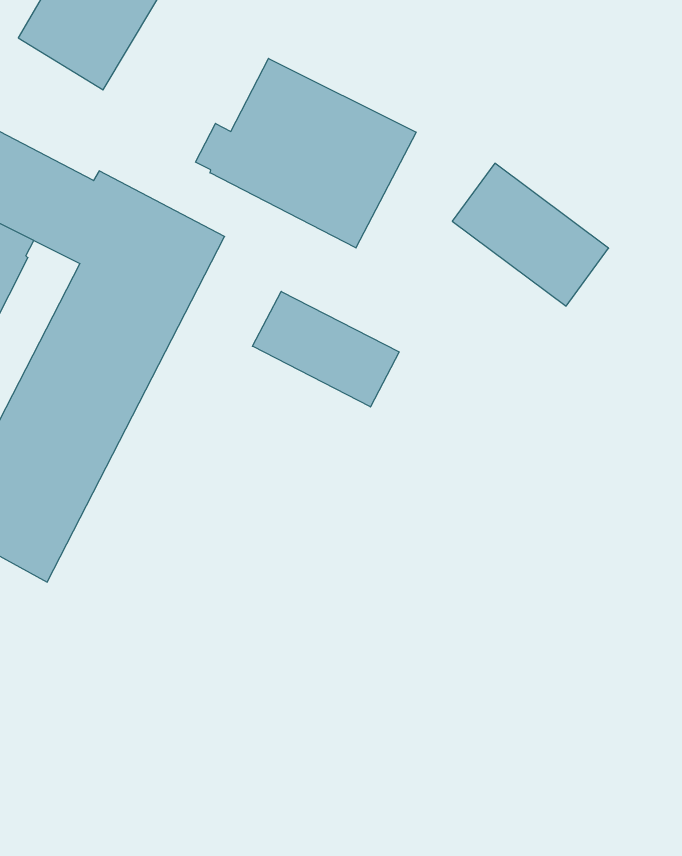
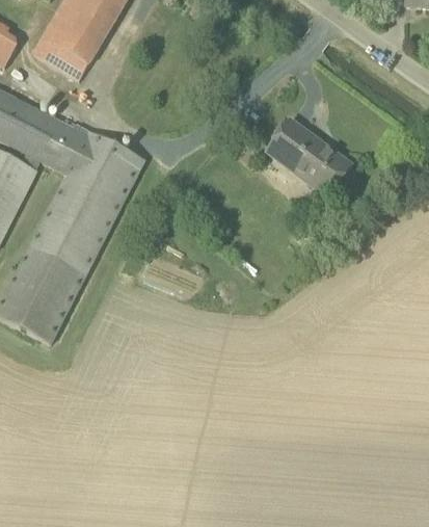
building: [196,58,416,248] -> none
building: [252,291,399,407] -> none

